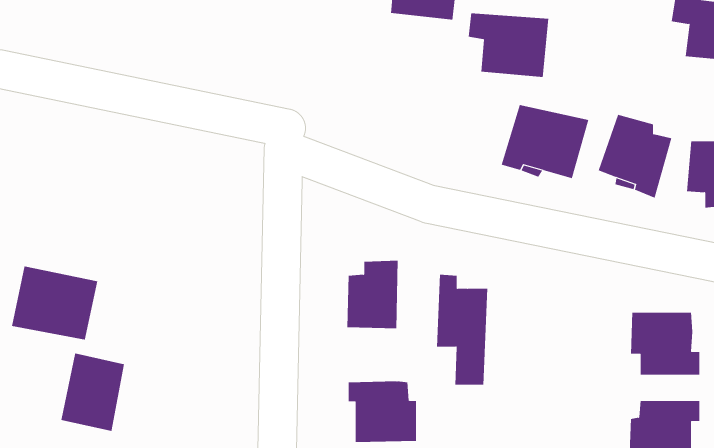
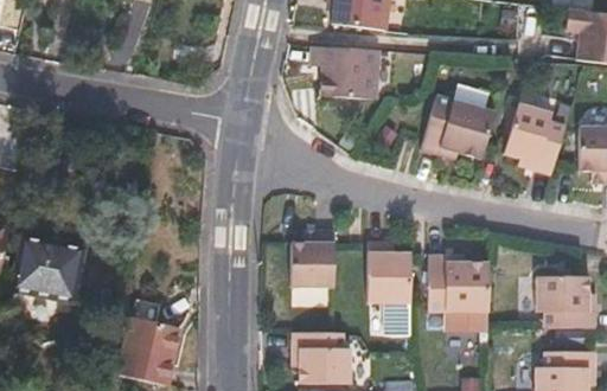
building: [468,13,549,77] -> [309,45,378,100]
building: none -> [430,257,492,331]
building: [60,353,125,431] -> [117,319,172,385]

